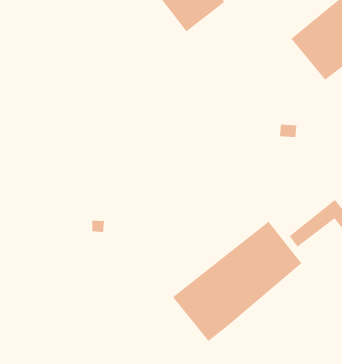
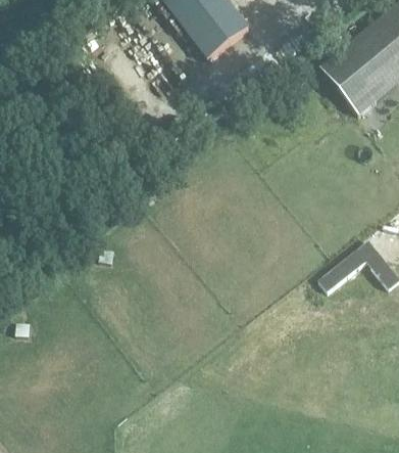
building: [172,221,302,342] -> none

